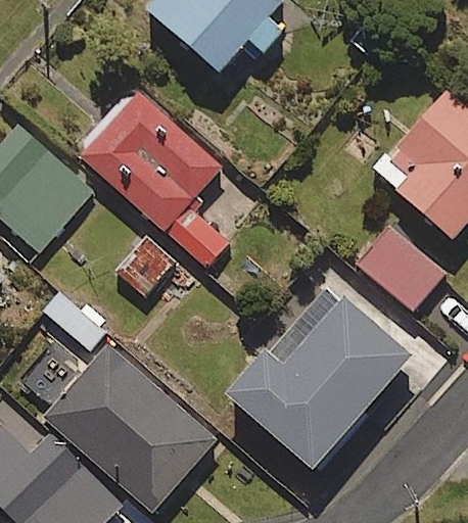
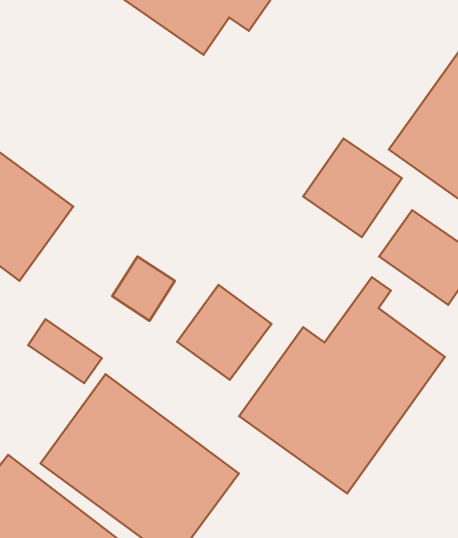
building: [78,88,230,271] -> none
building: none -> [303,139,402,237]
building: none -> [177,285,272,380]

